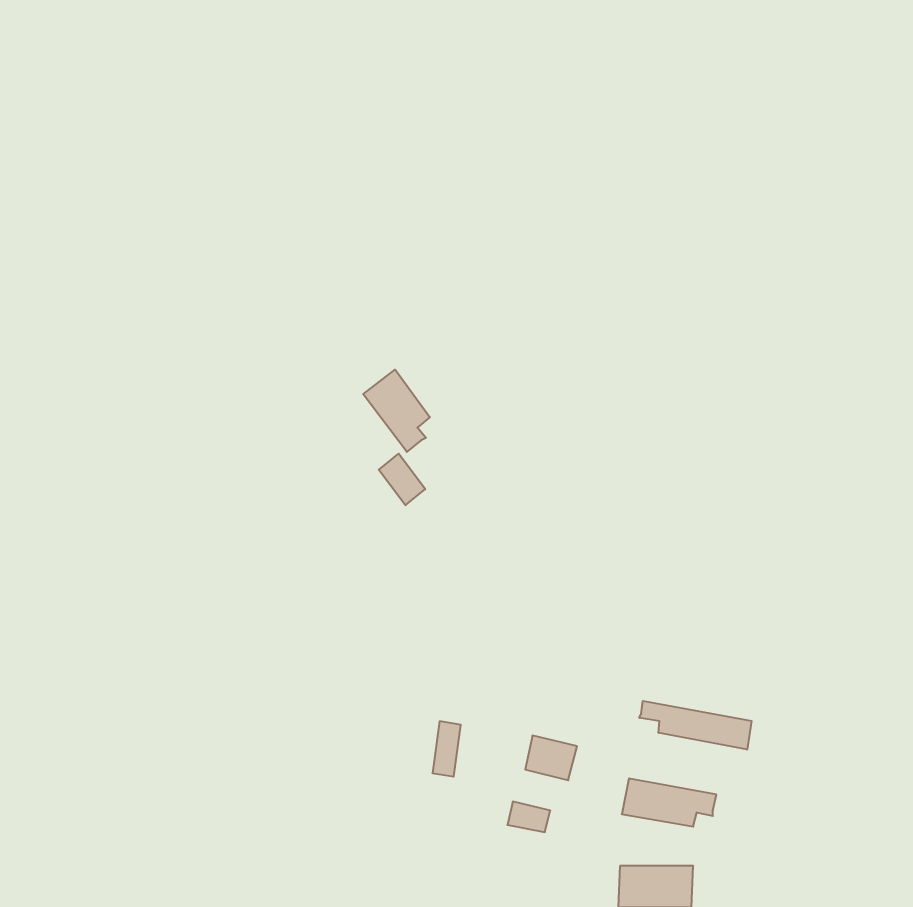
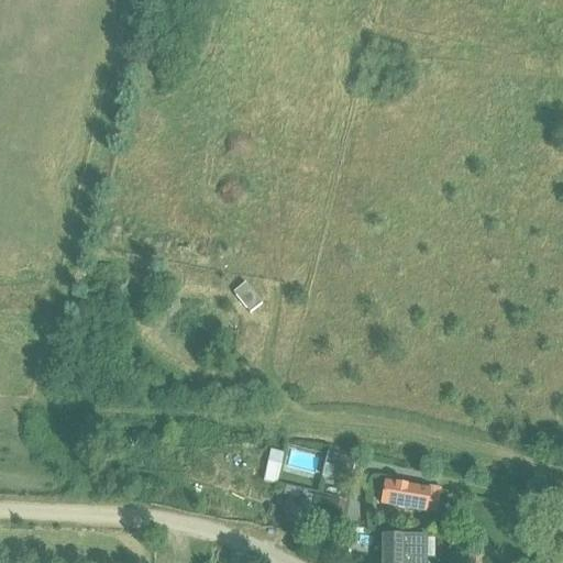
building: [363,370,430,452] -> none
building: [639,701,752,750] -> none

